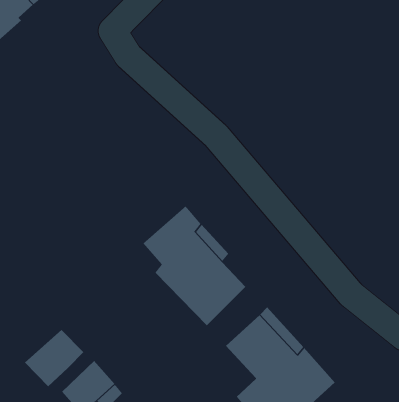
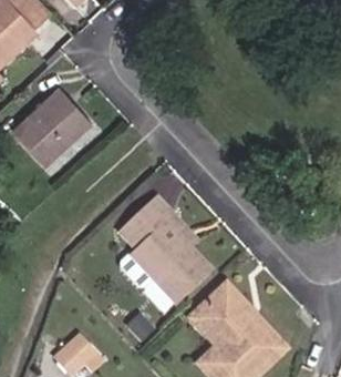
building: none -> [8,85,86,162]
building: [24,329,84,387] -> none

